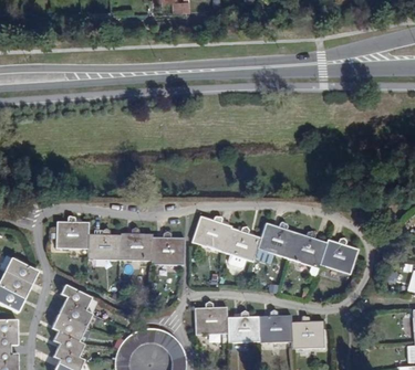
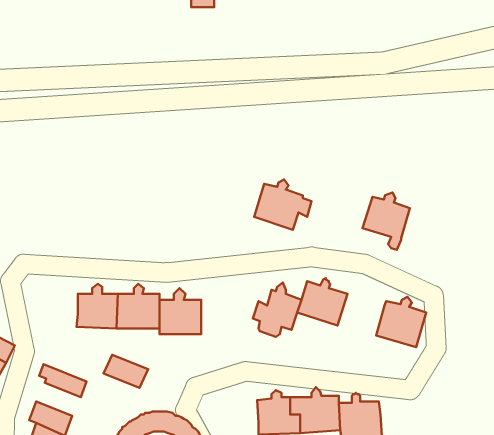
building: [56,213,89,249] -> none
building: [194,213,238,252] -> [254,180,311,230]
building: [289,230,325,274] -> [362,192,410,250]
building: [195,300,228,334] -> none
building: [56,302,91,327] -> [104,355,148,388]

